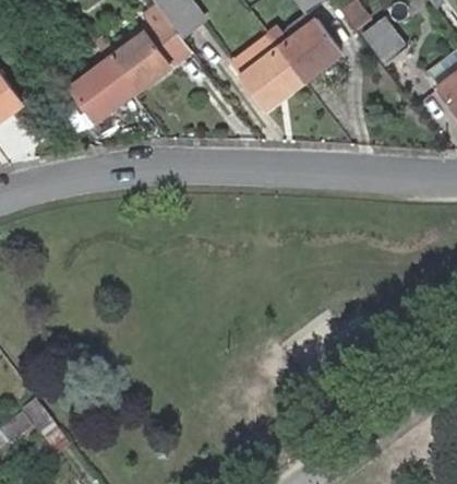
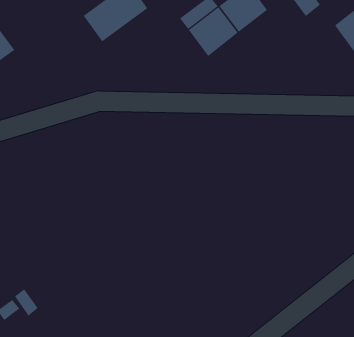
building: [70,60,132,121] -> none

